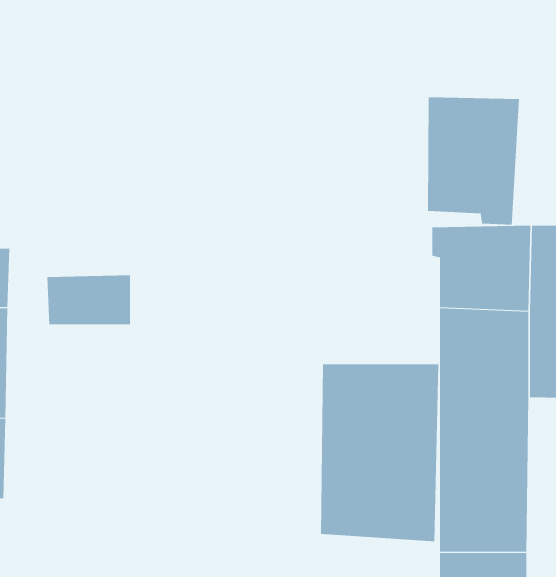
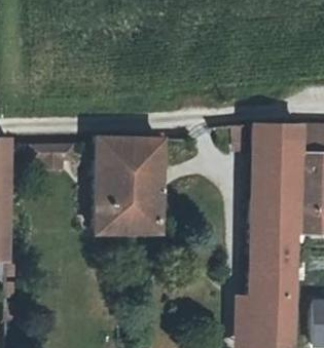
building: [428,96,519,225] -> none
building: [320,364,439,542] -> [93,129,156,225]

